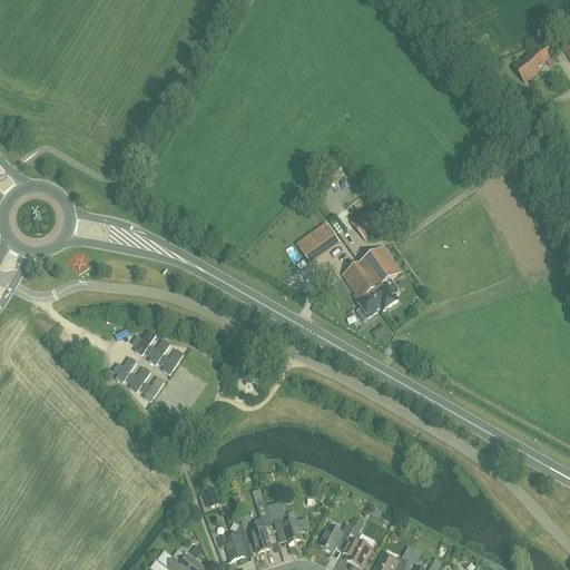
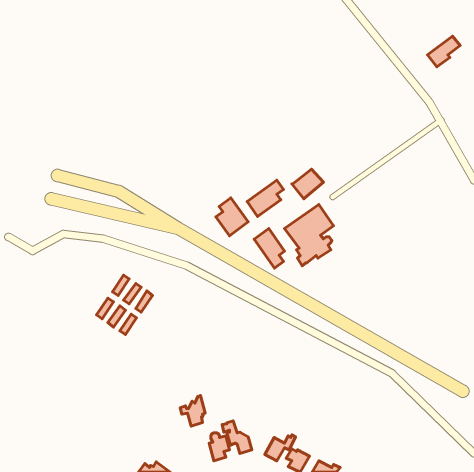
building: none -> [216,198,248,236]
building: none -> [254,228,285,268]
building: [217,523,247,560] -> [180,396,205,426]

